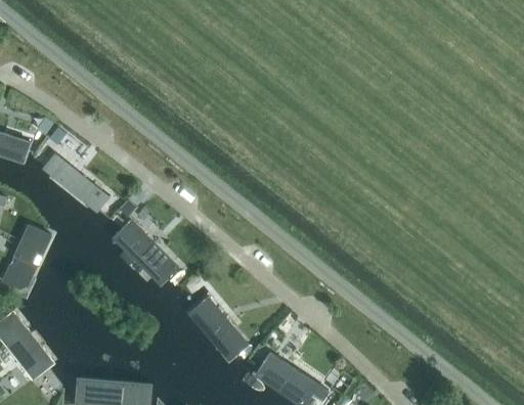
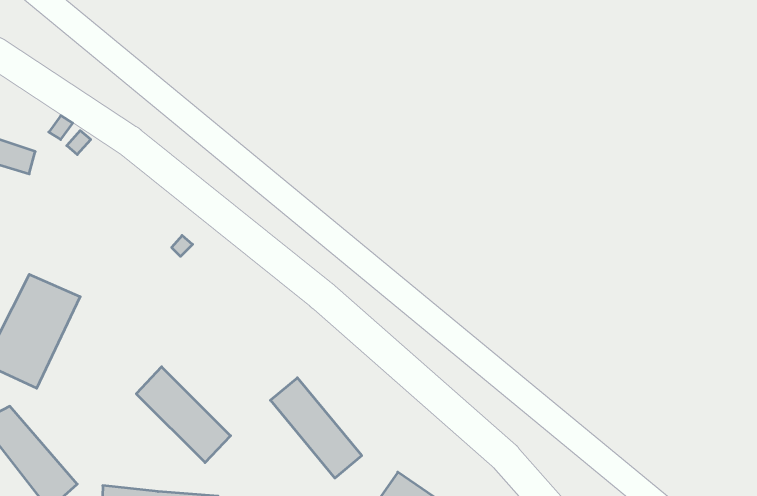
building: [46,158,115,218] -> none
building: [116,224,180,289] -> [136,367,231,463]

